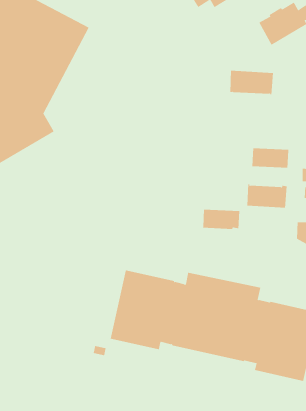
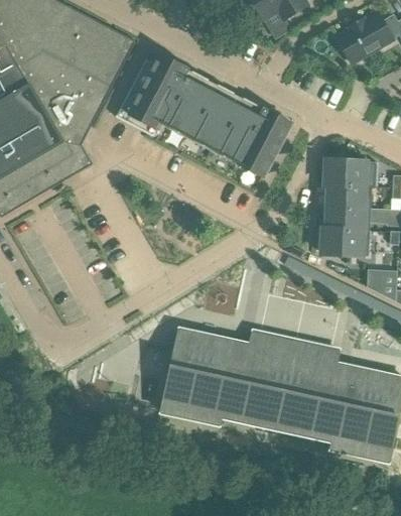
building: none -> [115,52,292,176]
building: [229,70,274,95] -> [324,157,377,186]
building: [202,209,240,230] -> [325,206,371,230]

